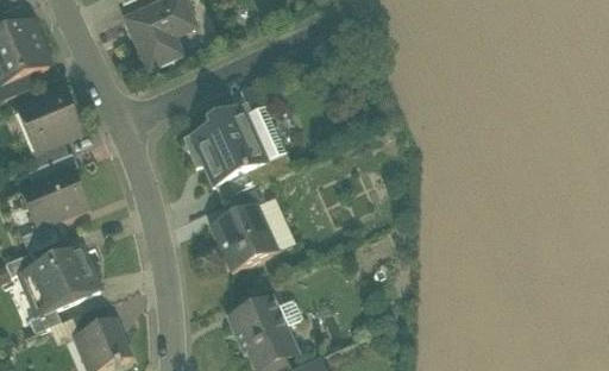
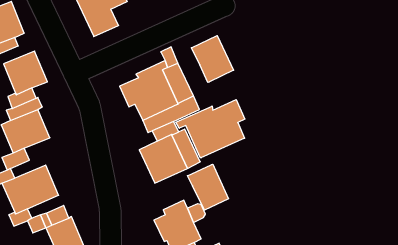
building: none -> [191,36,234,82]
building: none -> [176,100,245,158]
building: none -> [187,164,229,210]

